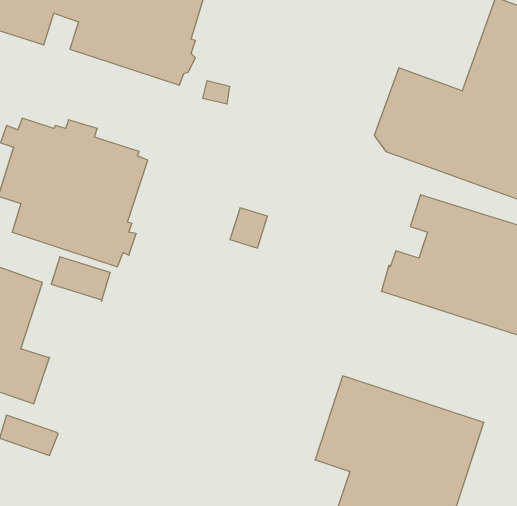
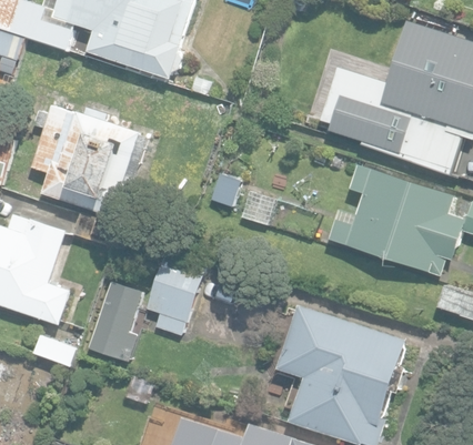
building: none -> [144,251,207,335]
building: none -> [87,282,142,362]

